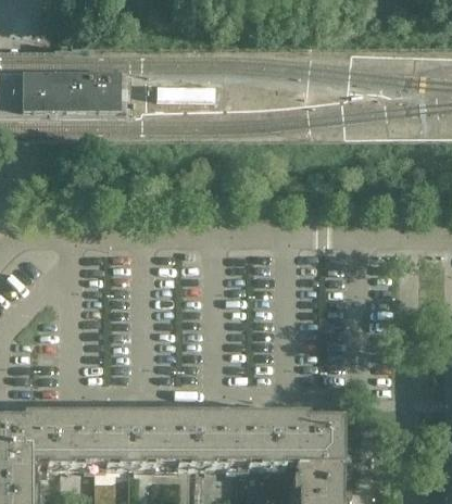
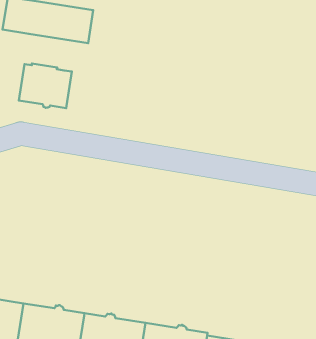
building: none -> [19,64,72,108]

